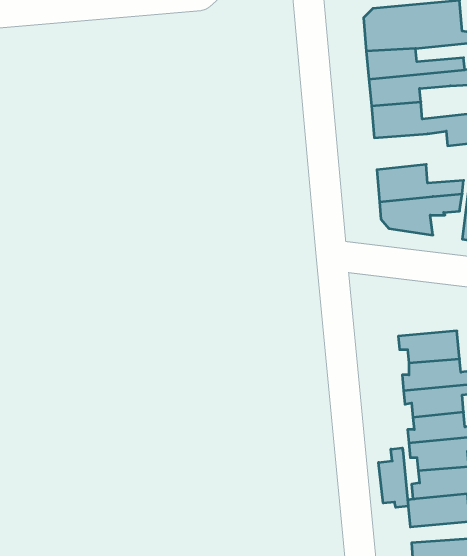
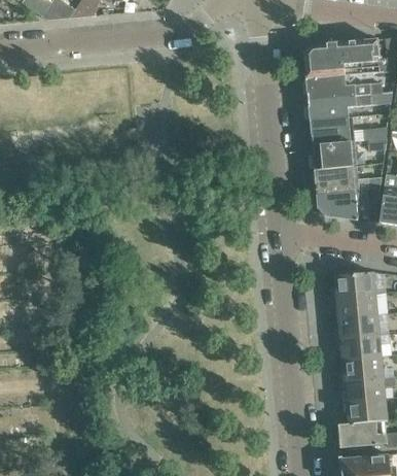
building: none -> [313,141,355,169]
building: none -> [330,269,376,298]
building: [379,448,408,507] -> none

